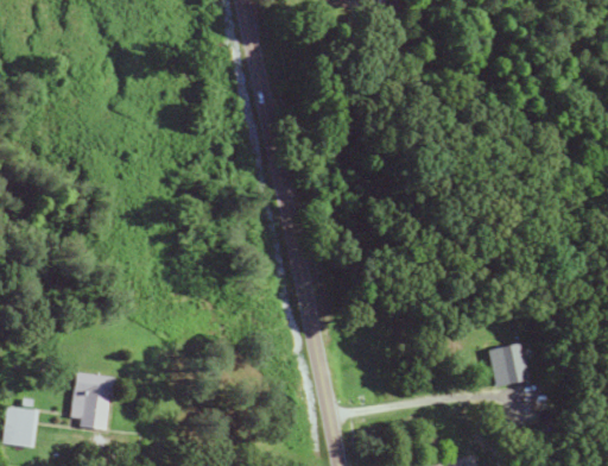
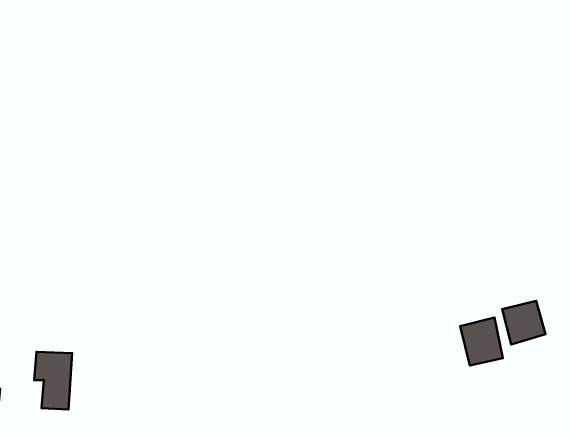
building: none -> [502,301,545,344]

